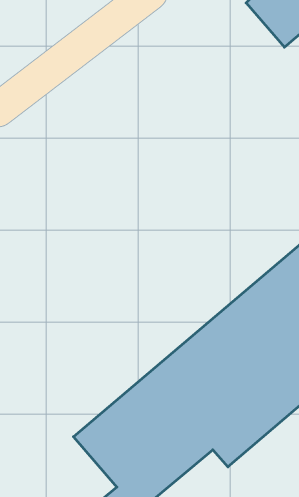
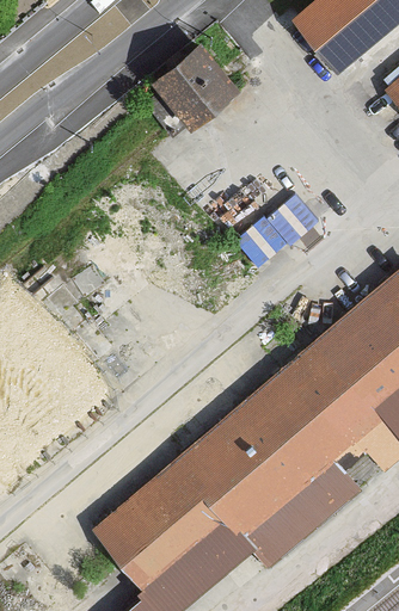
building: none -> [152,41,238,126]

